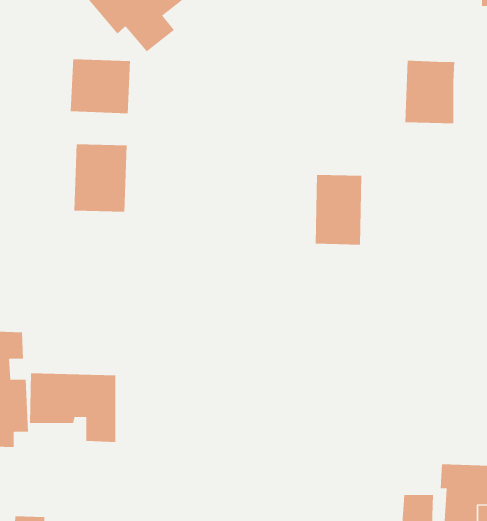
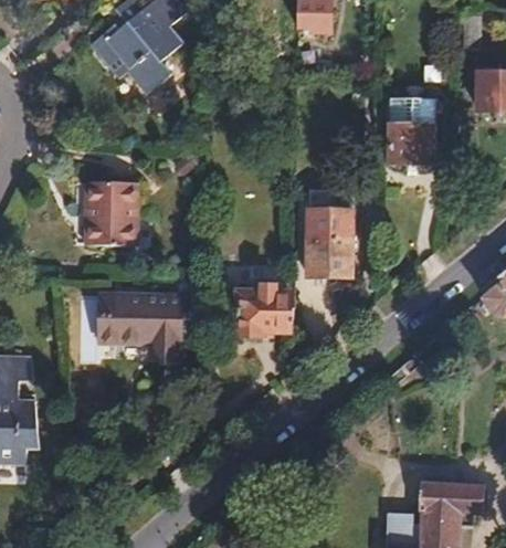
building: [70,58,131,114] -> none
building: none -> [231,274,293,328]
building: [29,373,116,442] -> [99,295,181,360]

